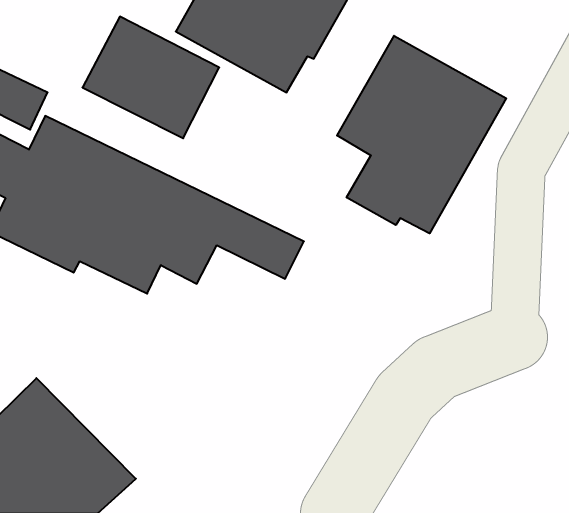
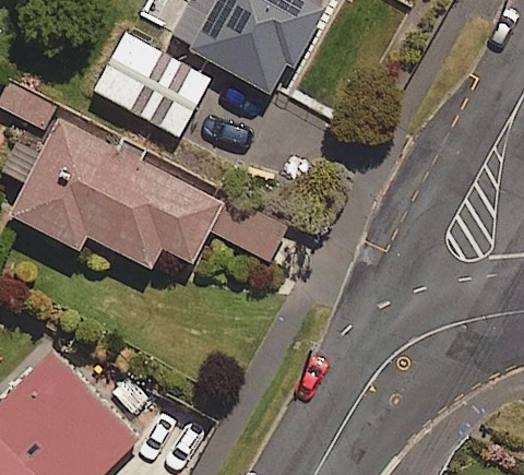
building: [337,36,506,233] -> none

